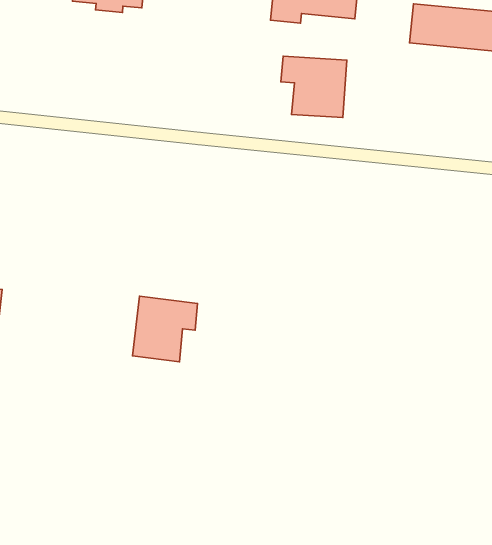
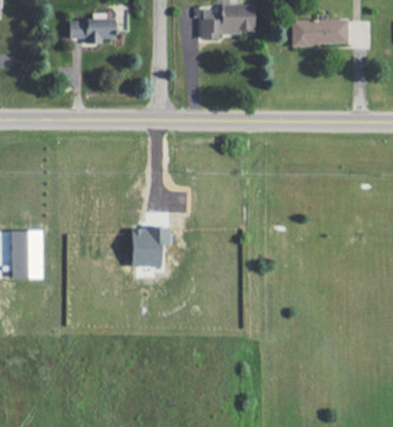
building: [281,56,347,118] -> none

